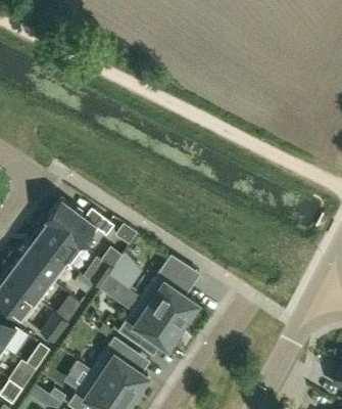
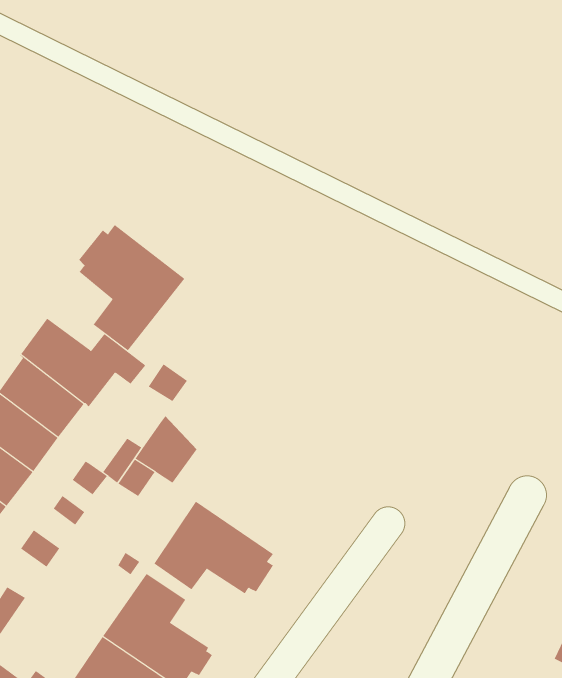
building: none -> [79,224,185,351]
building: [140,256,198,327] -> none

